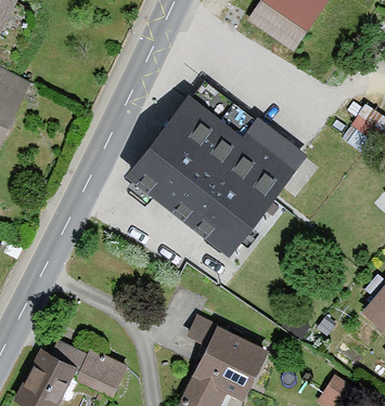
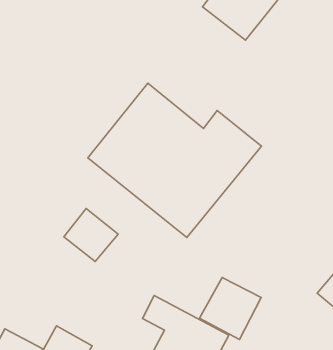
building: none -> [64,209,118,262]
building: none -> [200,278,261,339]

